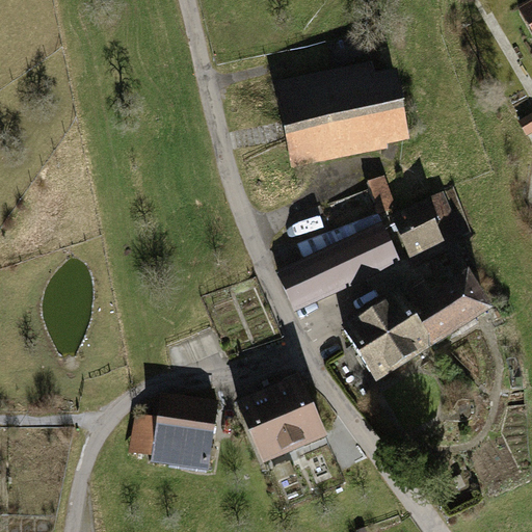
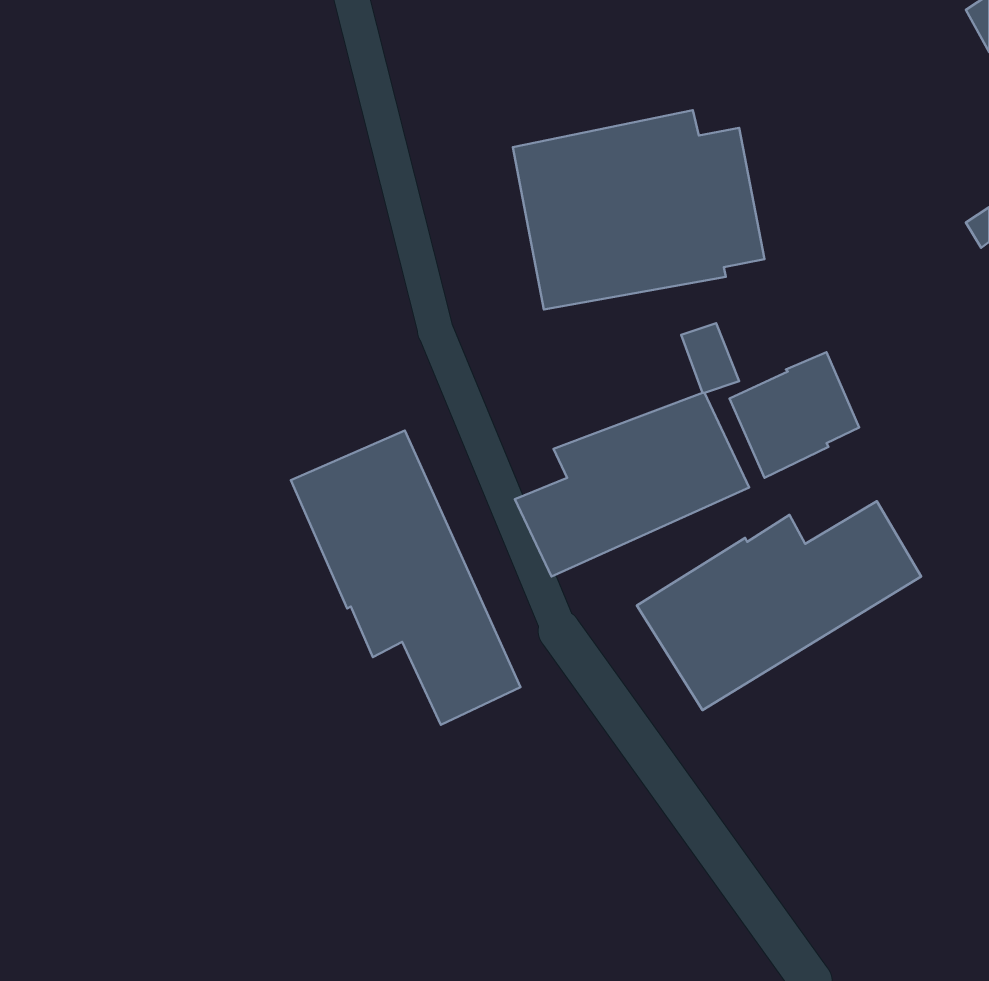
building: none -> [291,431,521,725]
building: [235,373,327,463] -> none
building: [129,390,218,468] -> none

